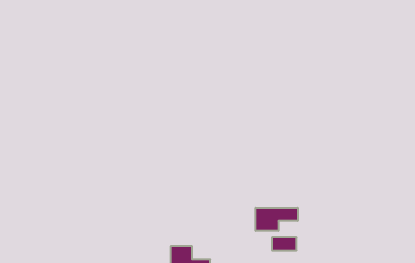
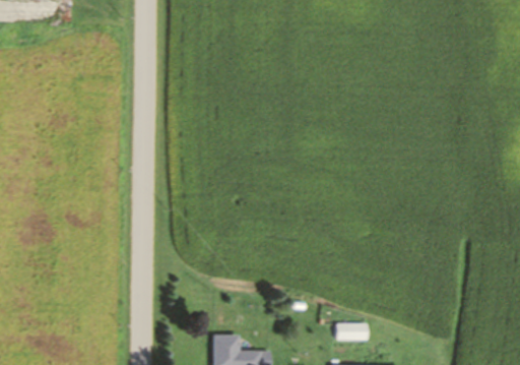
building: [256,208,298,231] -> none

